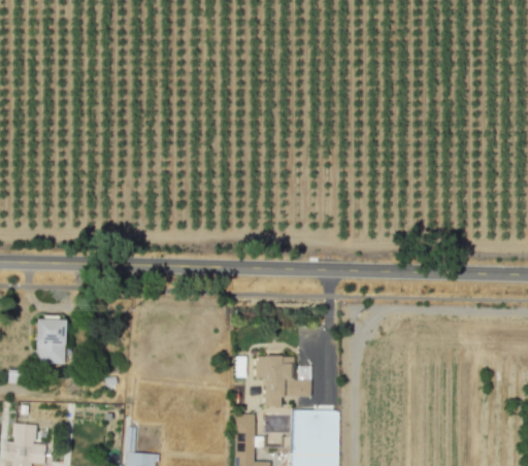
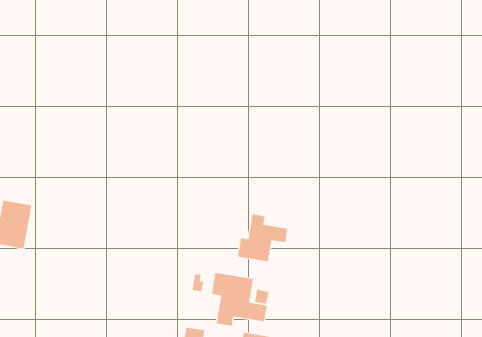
building: none -> [238,214,288,262]

